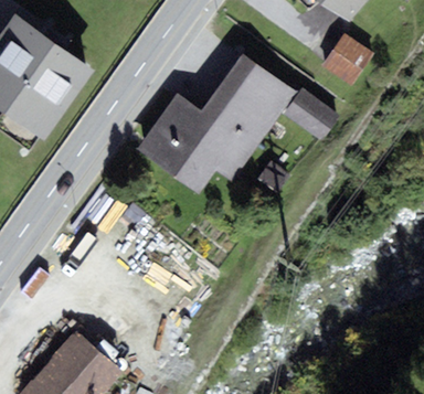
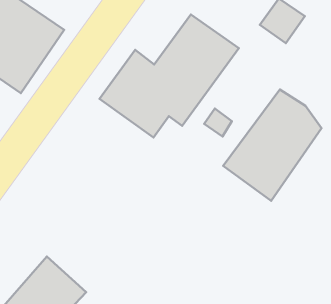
building: [283,88,338,141] -> none
building: none -> [223,89,322,201]

